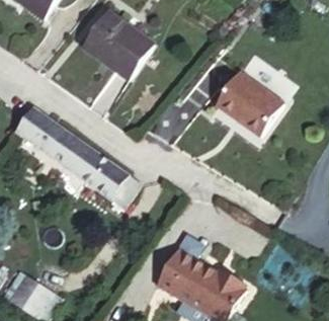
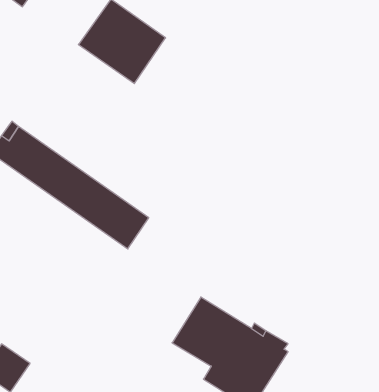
building: [216,70,285,136] -> none

